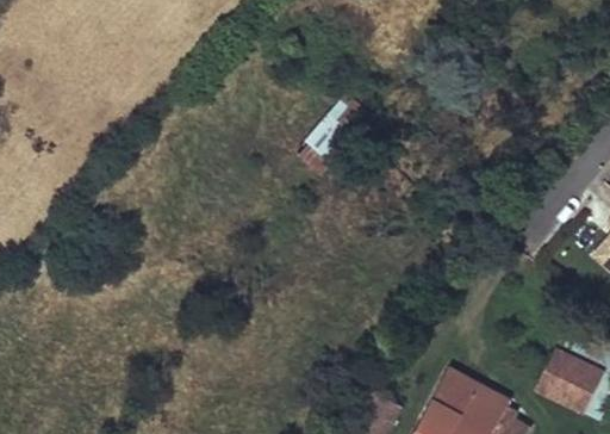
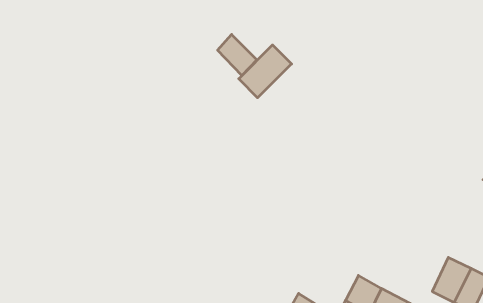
building: none -> [218,34,257,76]

